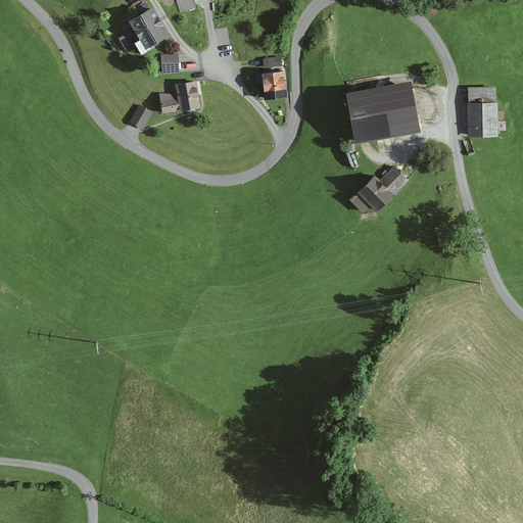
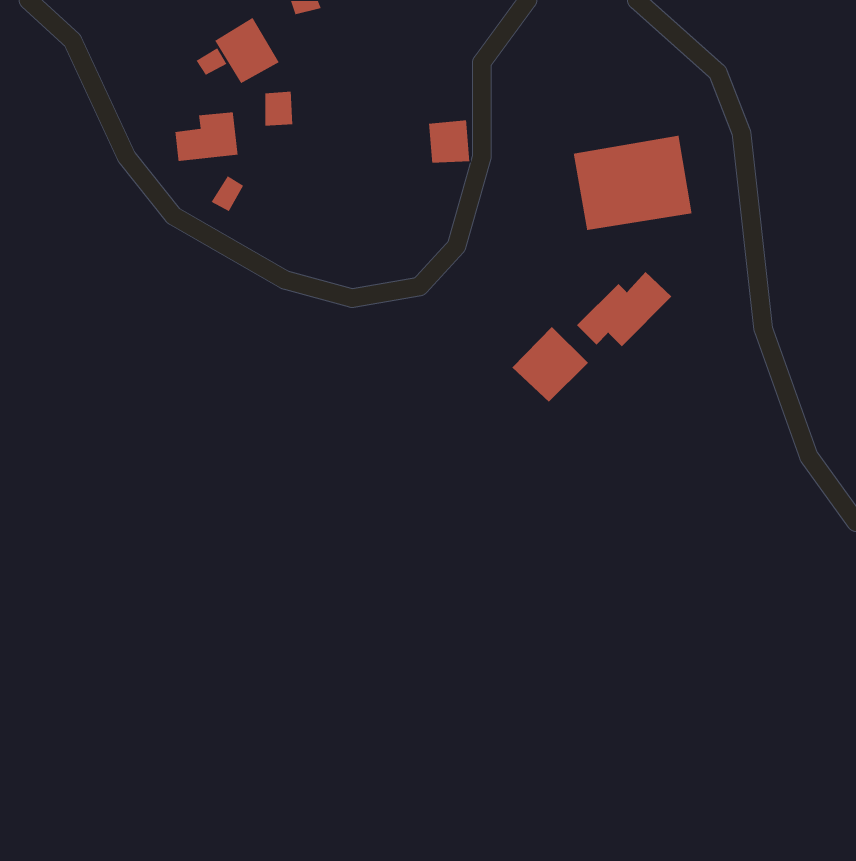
building: [160,83,199,113] -> [175,111,239,162]
building: [467,86,496,137] -> none
building: none -> [512,326,589,402]

